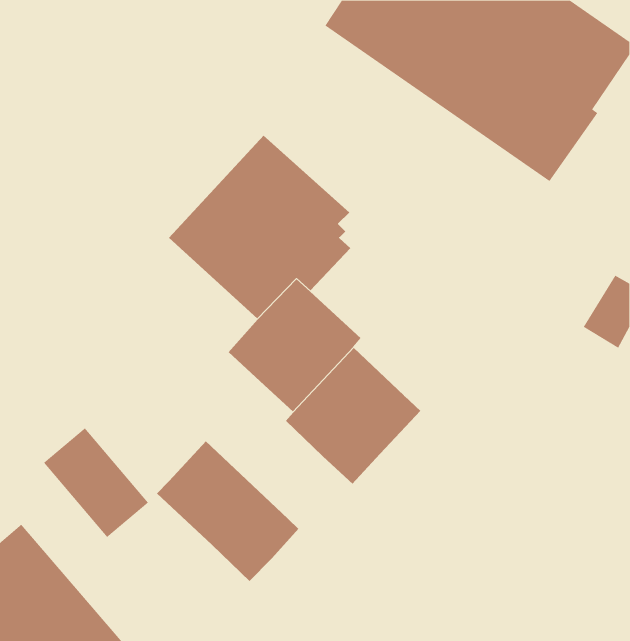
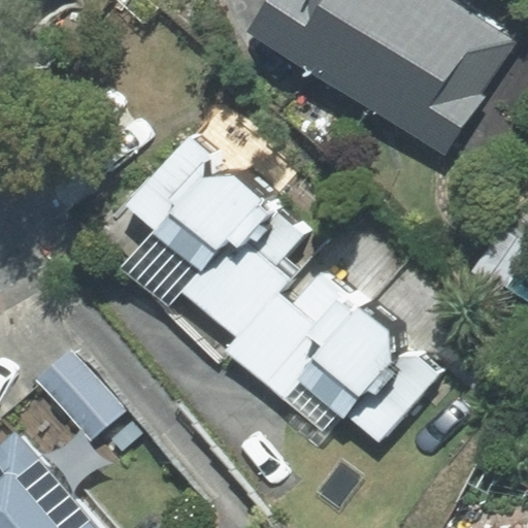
building: none -> [308,293,421,418]
building: [156,441,299,582] -> none

